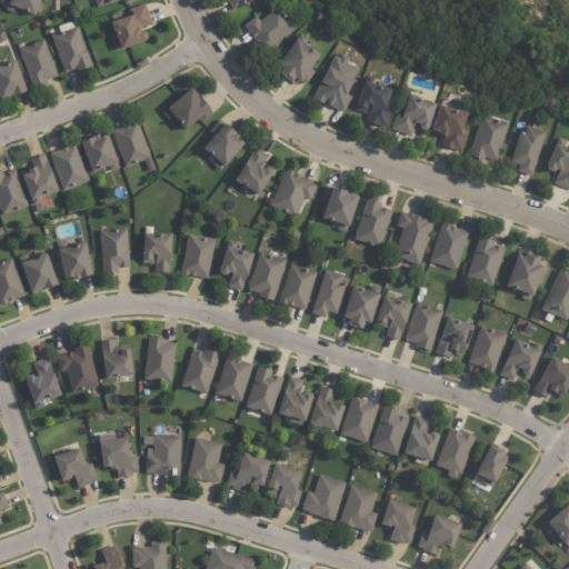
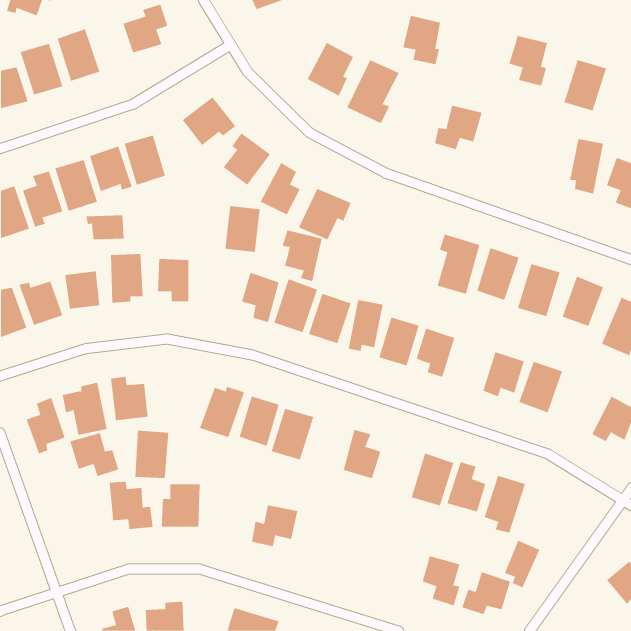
building: [243,6,296,51] -> none
building: [356,81,390,126] -> [403,15,441,65]
building: [431,104,467,150] -> [508,36,548,86]
building: [469,114,508,161] -> [563,59,607,111]
building: [320,186,357,232] -> [282,230,323,282]
building: none -> [86,215,124,240]
building: [356,198,389,246] -> none
building: [182,234,214,277] -> [225,205,260,253]
building: [405,302,442,348] -> none
building: [144,338,176,381] -> [135,430,169,478]
building: [499,339,540,379] -> none
building: [278,375,311,422] -> none
building: [340,396,378,441] -> none
building: [187,437,224,483] -> none
building: [476,443,508,487] -> [504,540,540,588]
building: [53,447,98,487] -> [70,432,119,477]
building: [266,463,301,508] -> none
building: [301,473,346,519] -> none
building: [339,485,377,531] -> none

